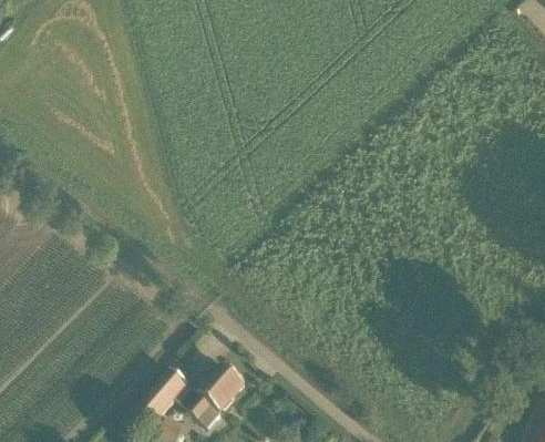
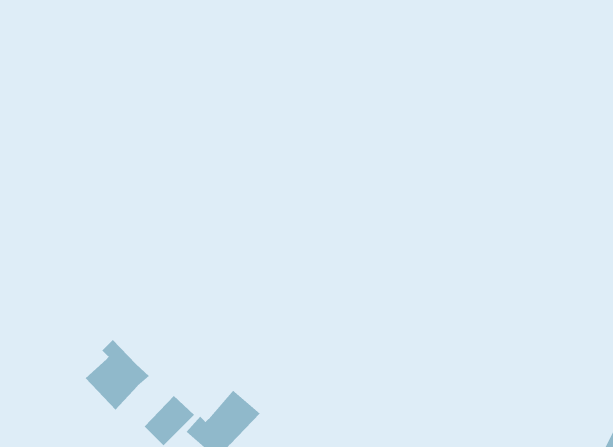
building: none -> [85,339,150,410]

